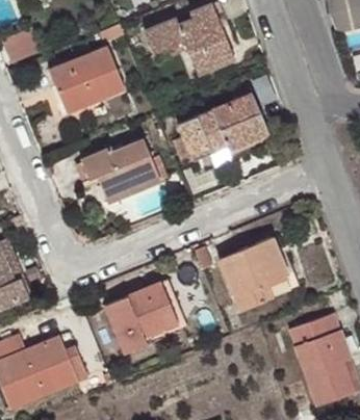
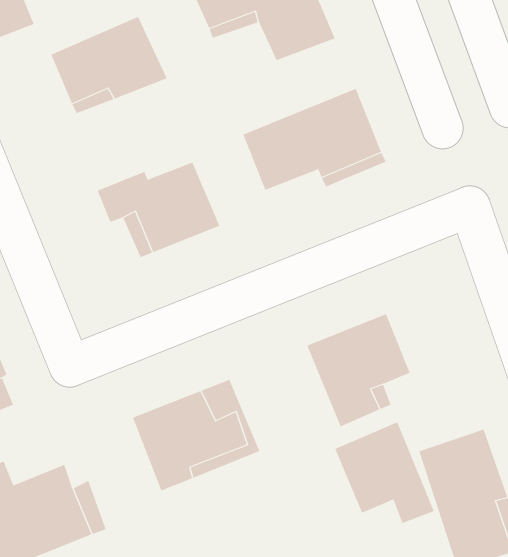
building: none -> [335,421,435,524]

